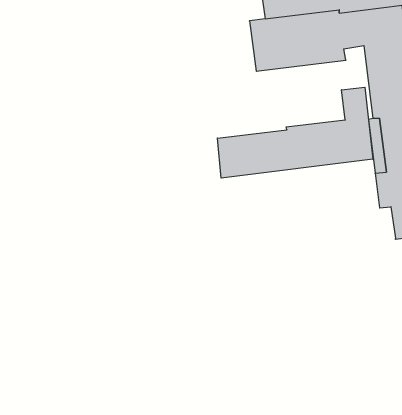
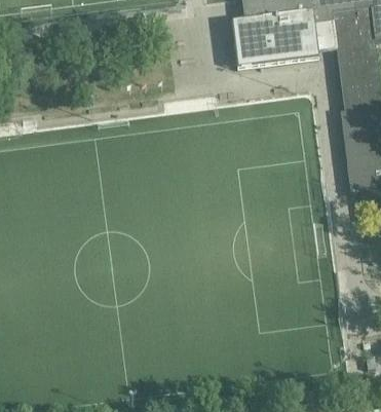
building: [217,87,373,178] -> none

